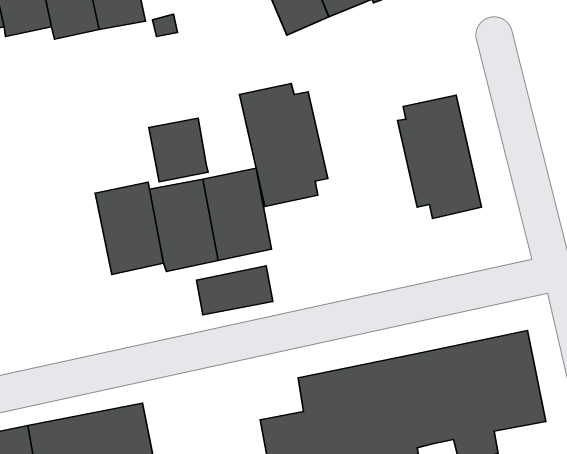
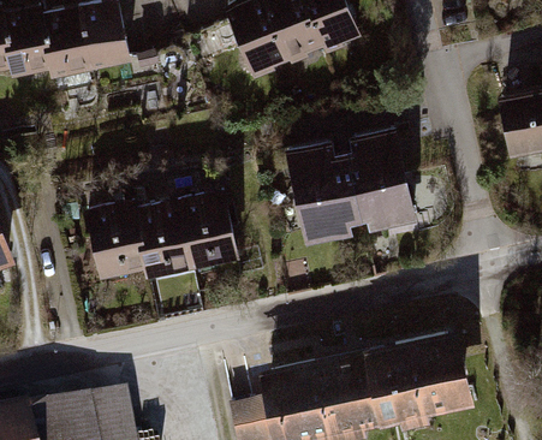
building: [239,83,328,207] -> [288,139,364,245]
building: [149,118,208,182] -> none
building: [197,266,273,315] -> none

